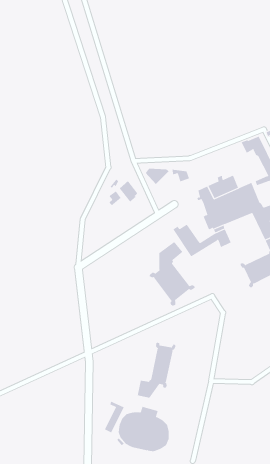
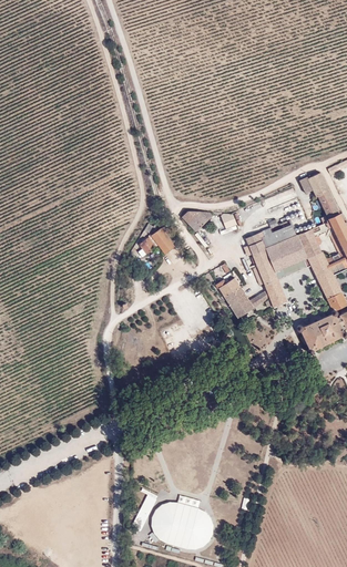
building: [149,241,195,306] -> none
building: [137,342,176,398] -> none

